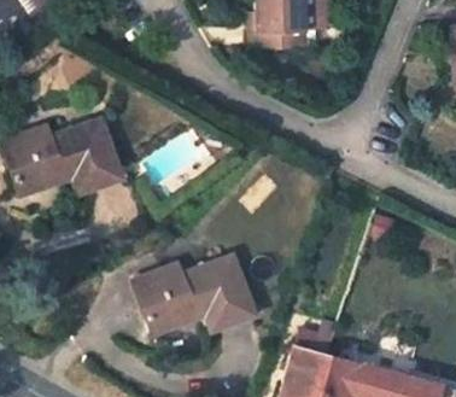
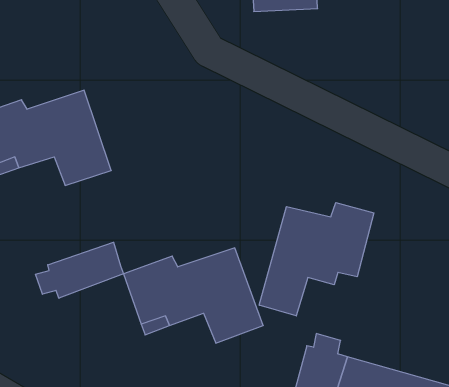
building: none -> [259,203,374,316]
building: none -> [35,242,123,298]

